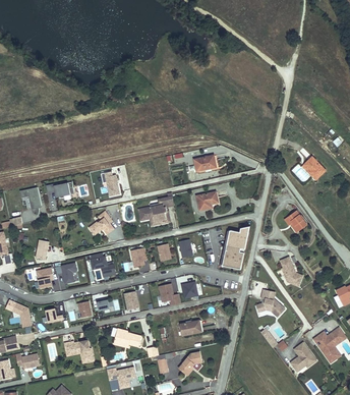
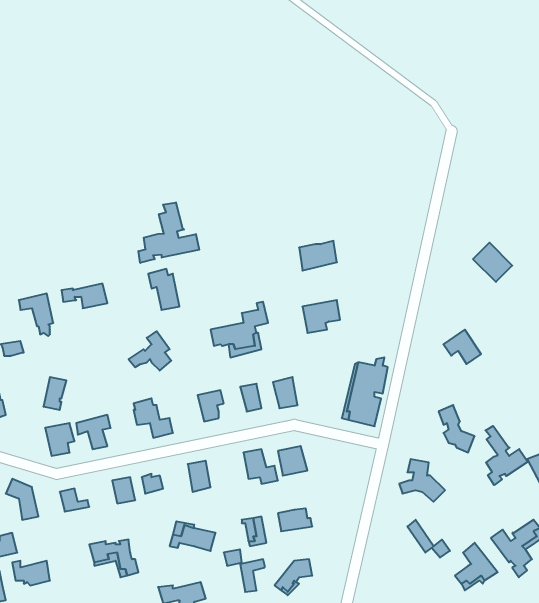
building: none -> [138,202,199,263]
building: none -> [485,426,528,485]

